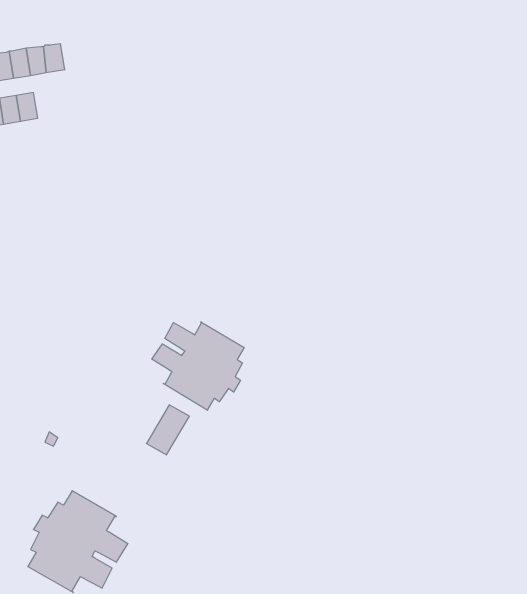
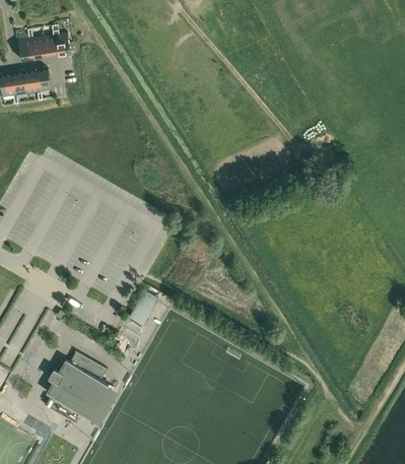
building: [152,322,244,410] -> none

